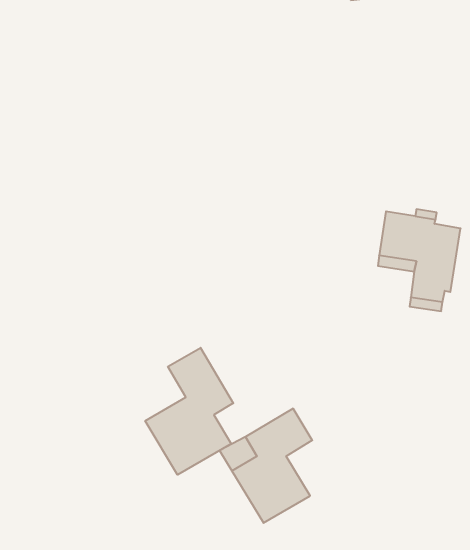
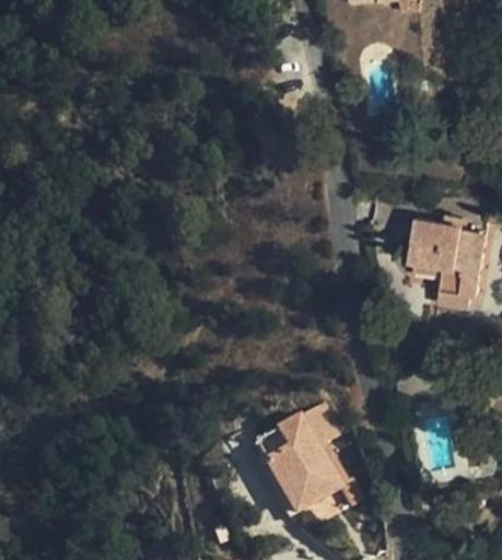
building: [145,348,233,475] -> none

